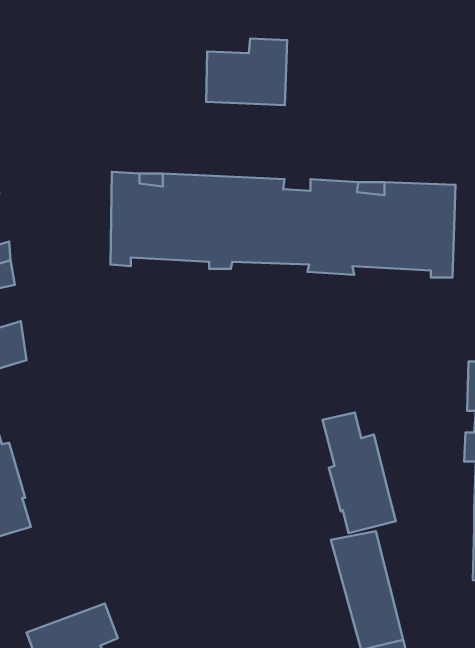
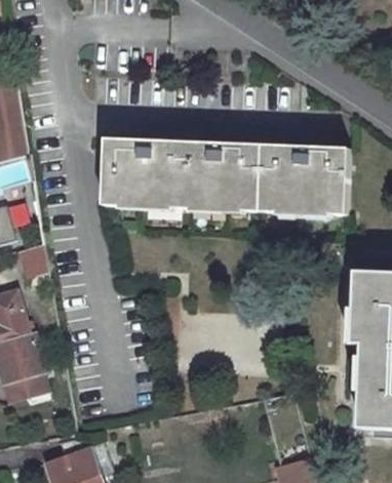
building: [206,38,287,105] -> none
building: [323,413,396,533] -> none

